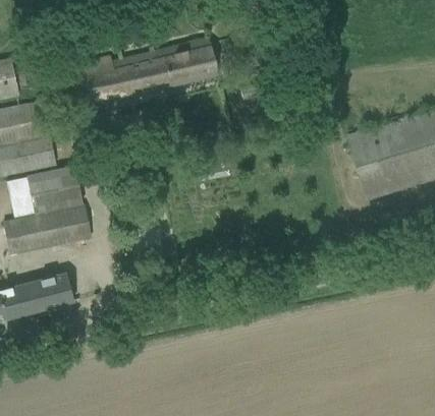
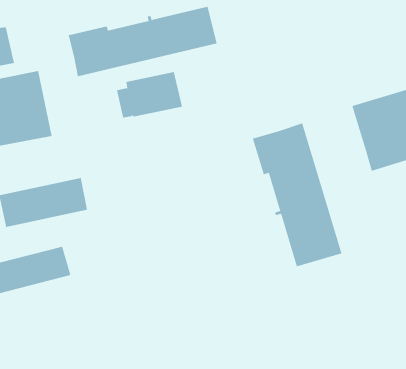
building: none -> [252,122,342,267]
building: [15,165,80,211] -> [116,71,183,118]

